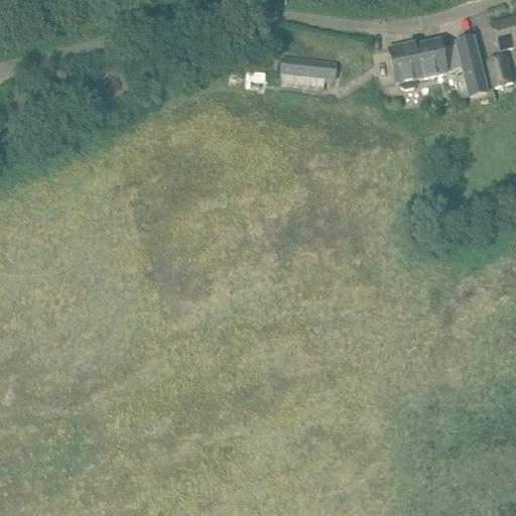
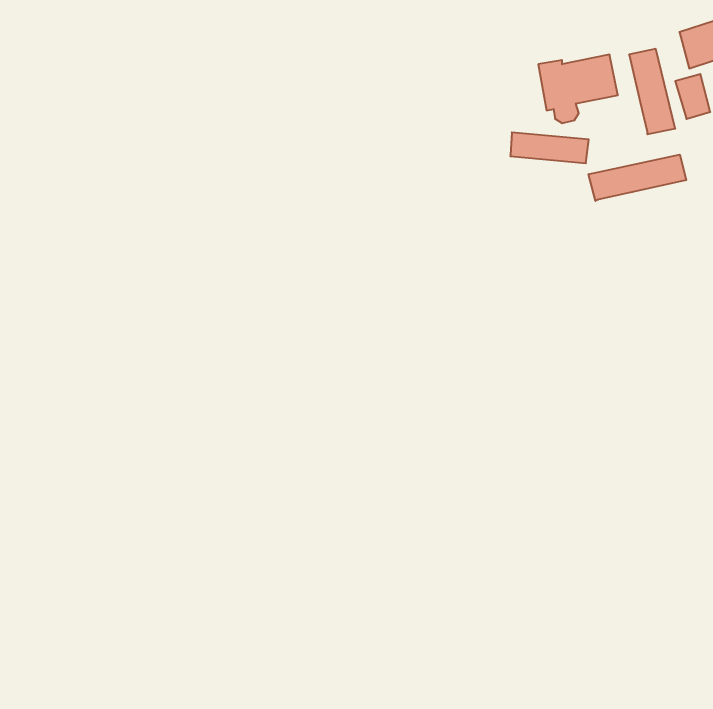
building: [281,55,338,78] -> [510,132,589,163]
building: none -> [589,155,686,201]

